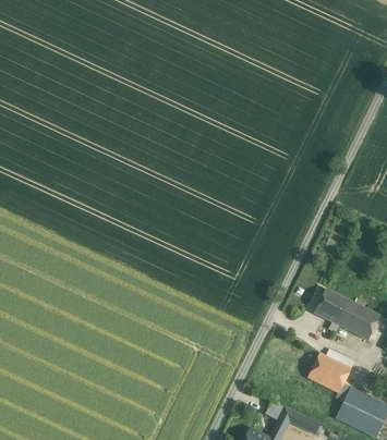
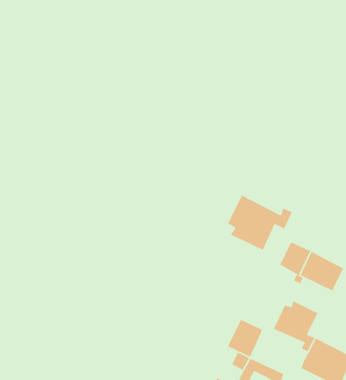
building: none -> [227,194,293,251]
building: none -> [227,319,263,358]

